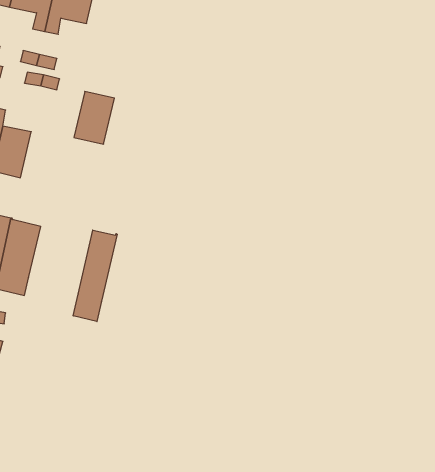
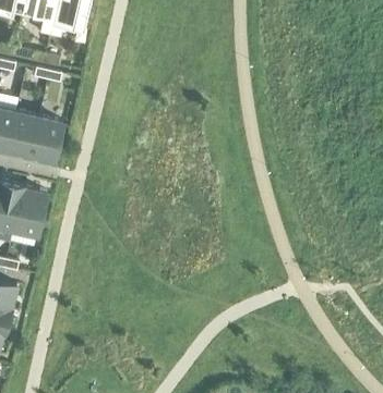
building: [74,91,114,144] -> [31,118,63,160]
building: [73,230,117,322] -> none

